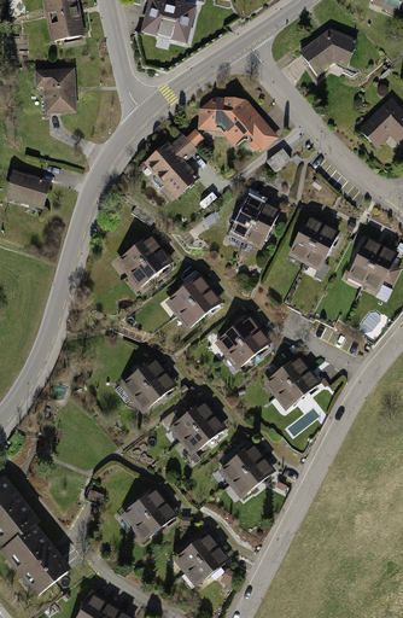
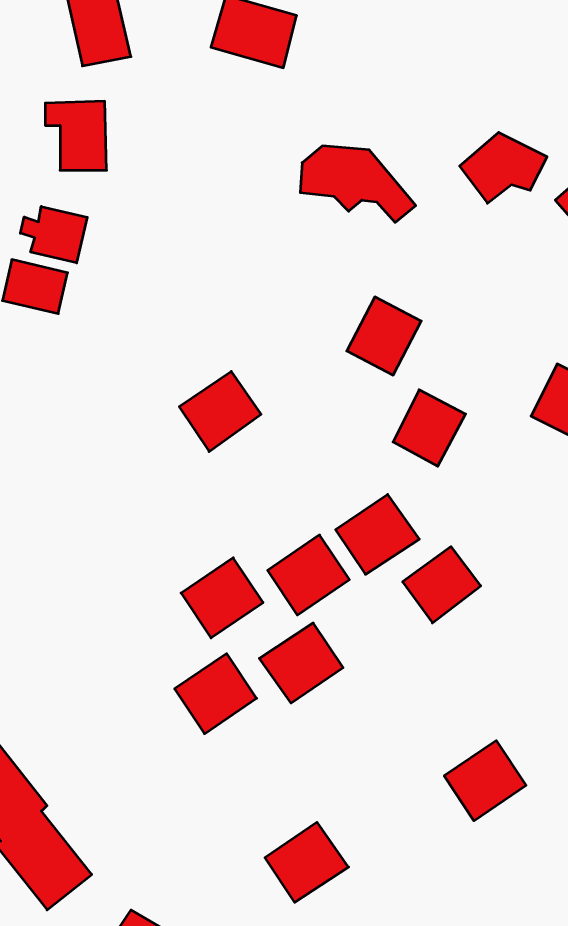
building: [302,33,358,78] -> [460,132,547,203]
building: [144,133,193,193] -> none
building: none -> [20,206,87,263]
building: [287,215,334,264] -> [393,390,466,466]
building: [169,281,222,333] -> [268,535,349,615]
building: [223,448,276,500] -> [444,741,526,821]
building: [124,490,177,542] -> [175,654,257,734]

